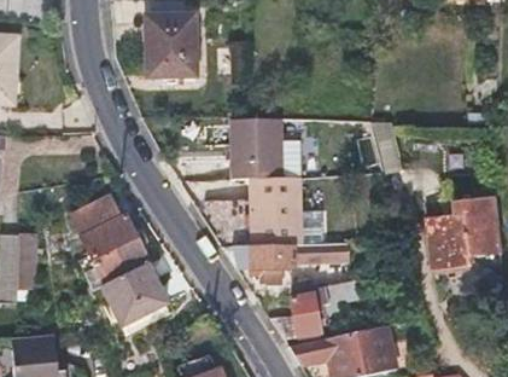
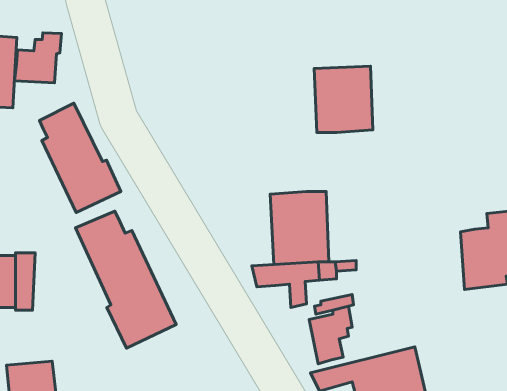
building: [146,13,193,75] -> none
building: none -> [14,33,62,83]
building: none -> [40,103,121,213]
building: [232,120,286,181] -> [314,66,373,133]

